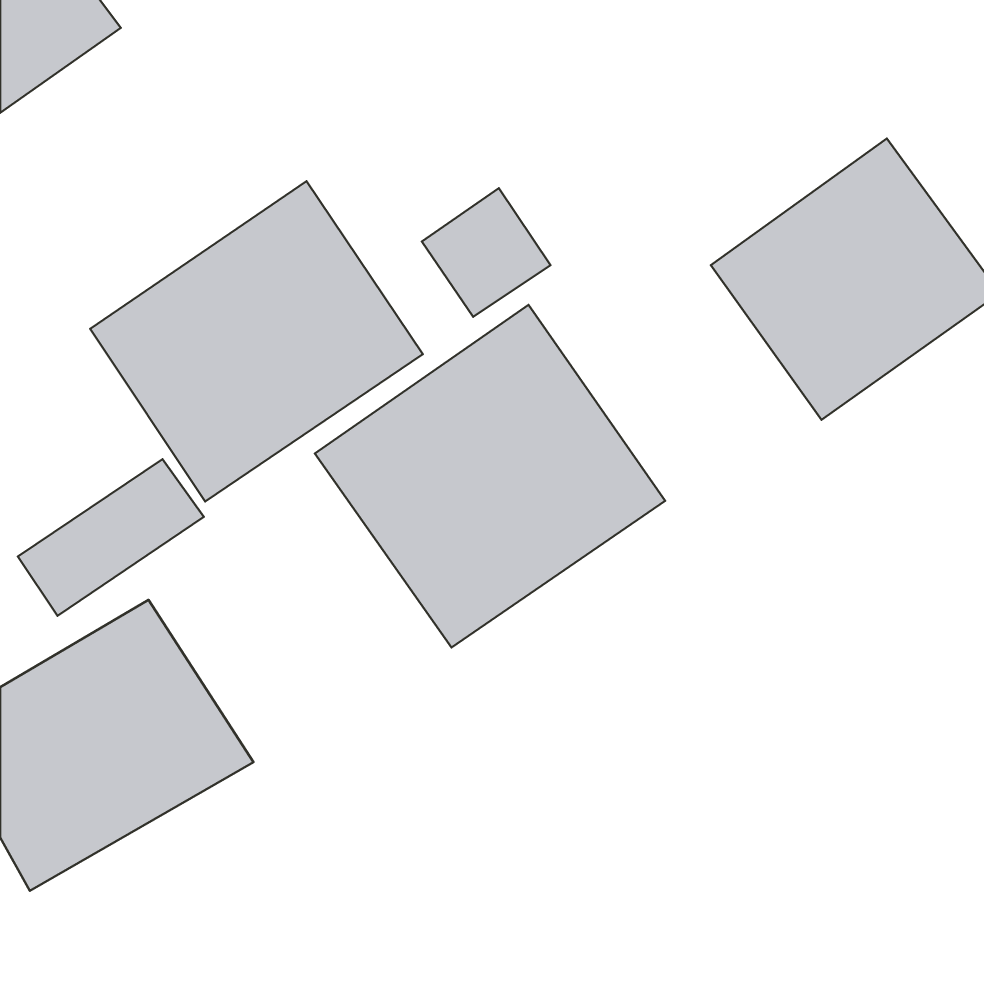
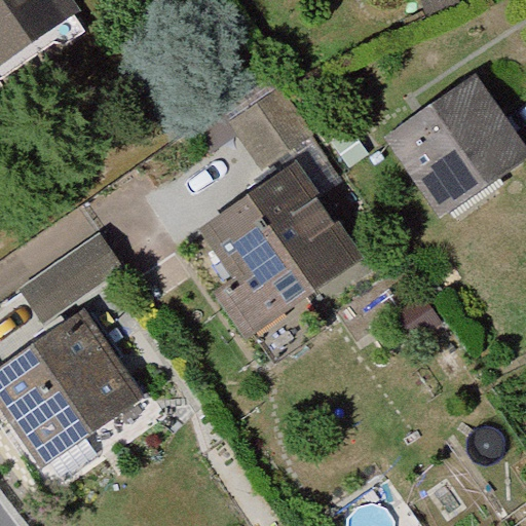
building: [90,181,423,501] -> none

